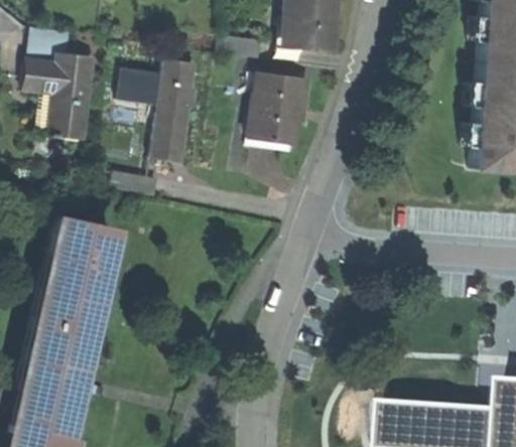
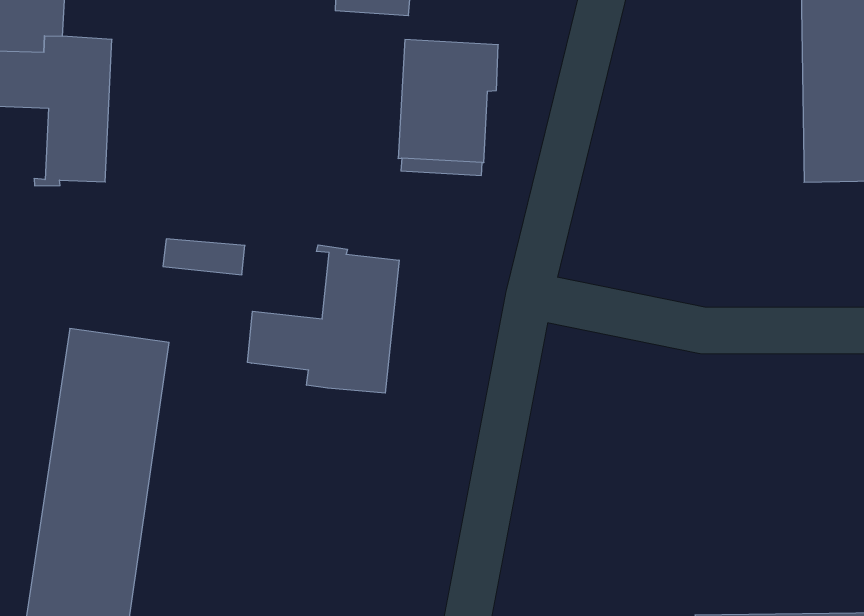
building: [121,59,198,161] -> none
building: none -> [247,245,399,393]

